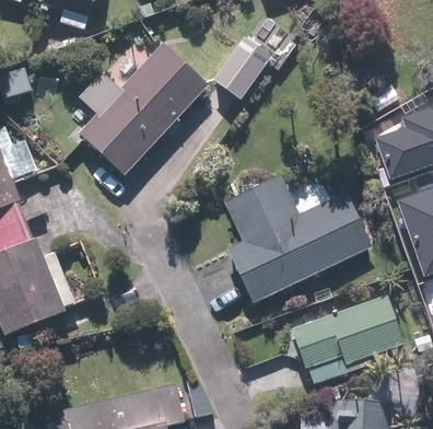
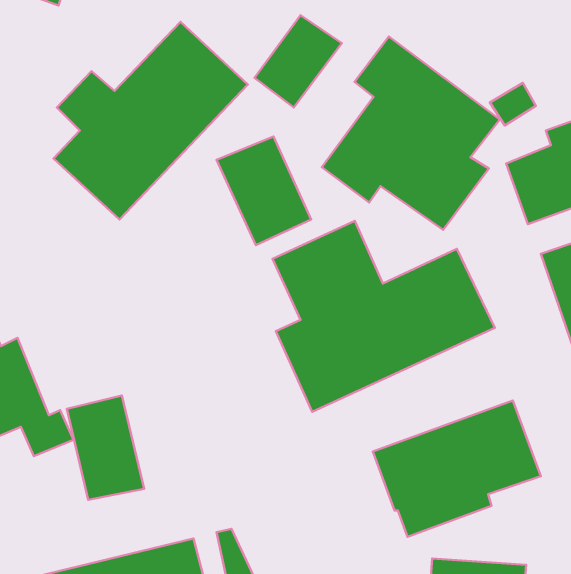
building: none -> [322,37,500,230]
building: none -> [216,136,311,245]
building: none -> [67,395,144,500]

